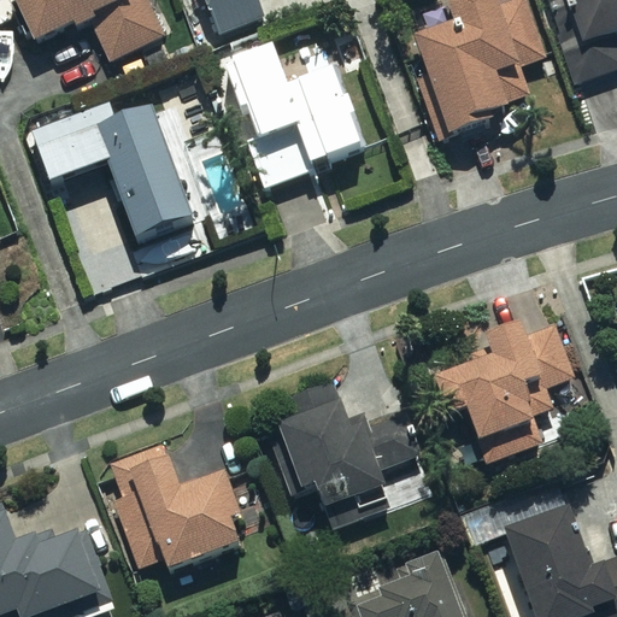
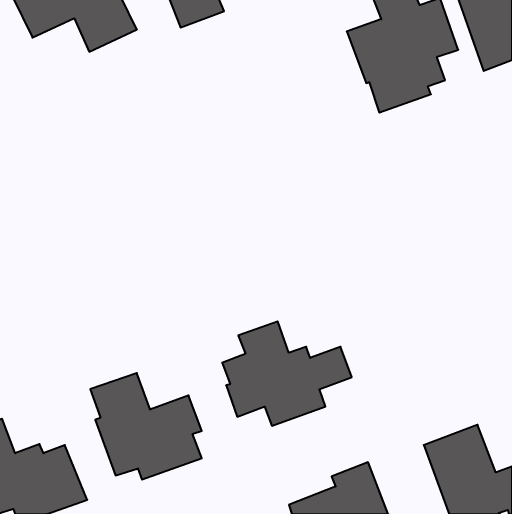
building: [234,49,364,181] -> none
building: [33,105,198,241] -> none
building: [435,324,570,460] -> none

